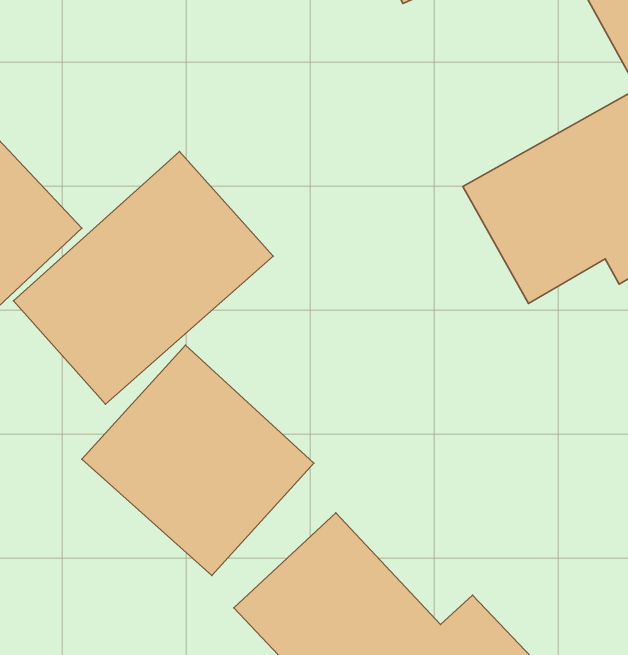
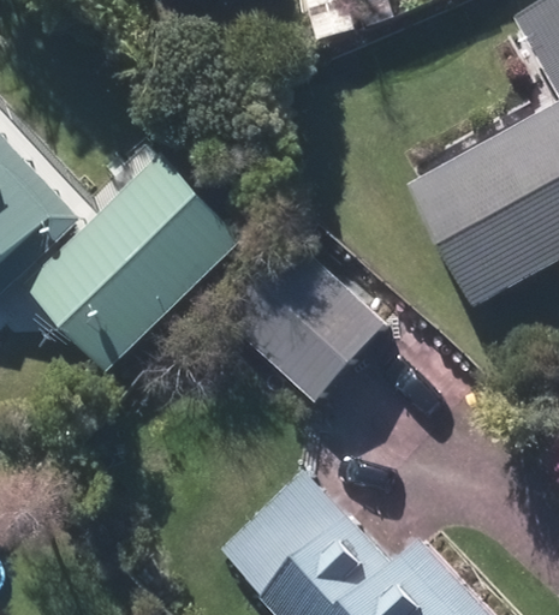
building: none -> [216,238,385,404]
building: [82,345,314,576] -> none

